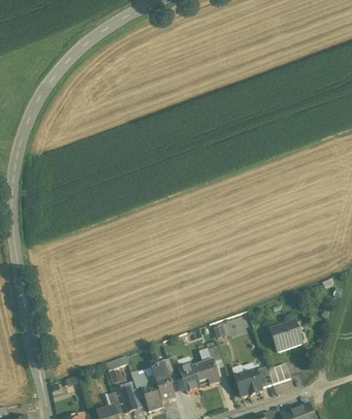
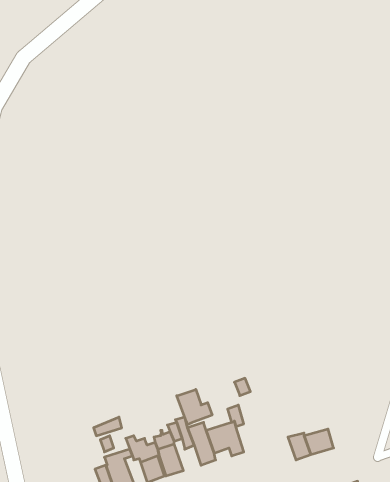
building: [274,320,301,351] -> none
building: none -> [177,389,212,425]
building: [233,370,260,397] -> none

